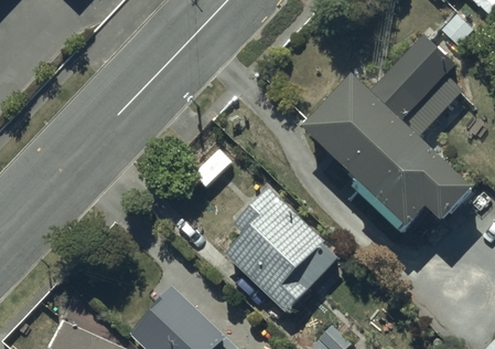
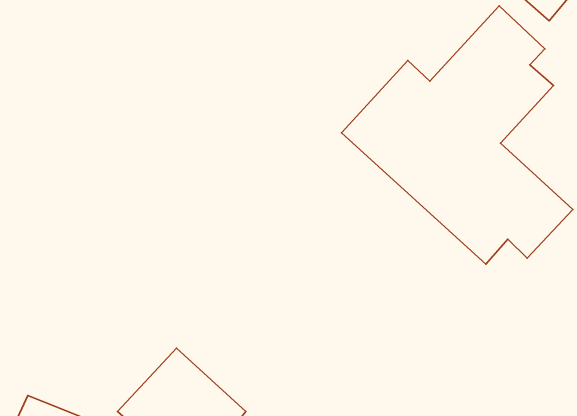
building: [226,193,340,316] -> none

